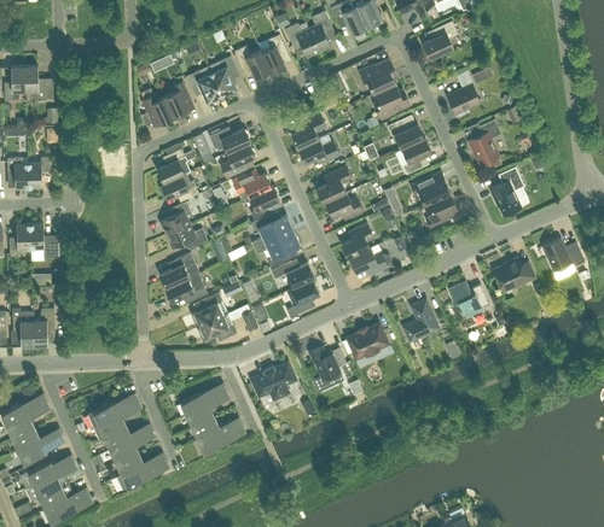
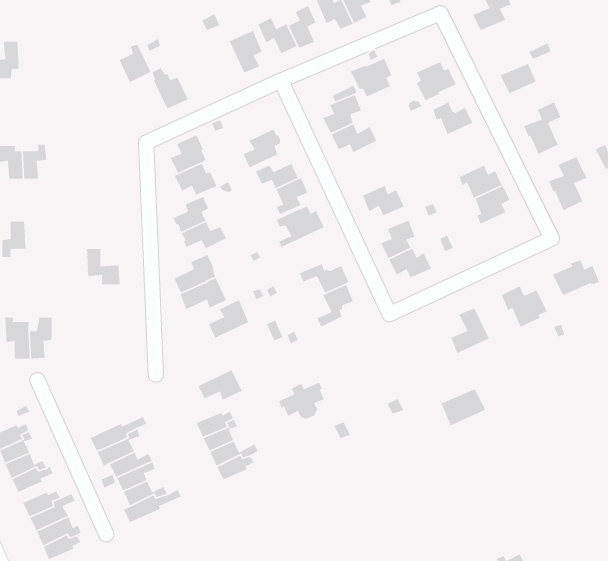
building: [359,59,396,94] -> [350,58,393,97]
building: [24,66,53,99] -> none
building: [186,66,222,103] -> none
building: [164,83,193,118] -> [119,43,152,83]
building: [209,127,250,153] -> none
building: [402,137,431,175] -> none
building: [316,166,352,204] -> none
building: [30,224,60,257] -> [86,248,121,285]
building: [255,230,300,268] -> none
building: [197,314,237,341] -> [197,369,243,401]
building: [348,324,388,358] -> [441,388,486,427]
building: [309,347,345,385] -> none

